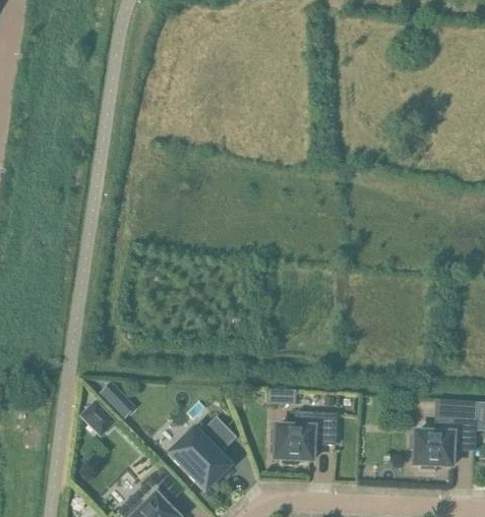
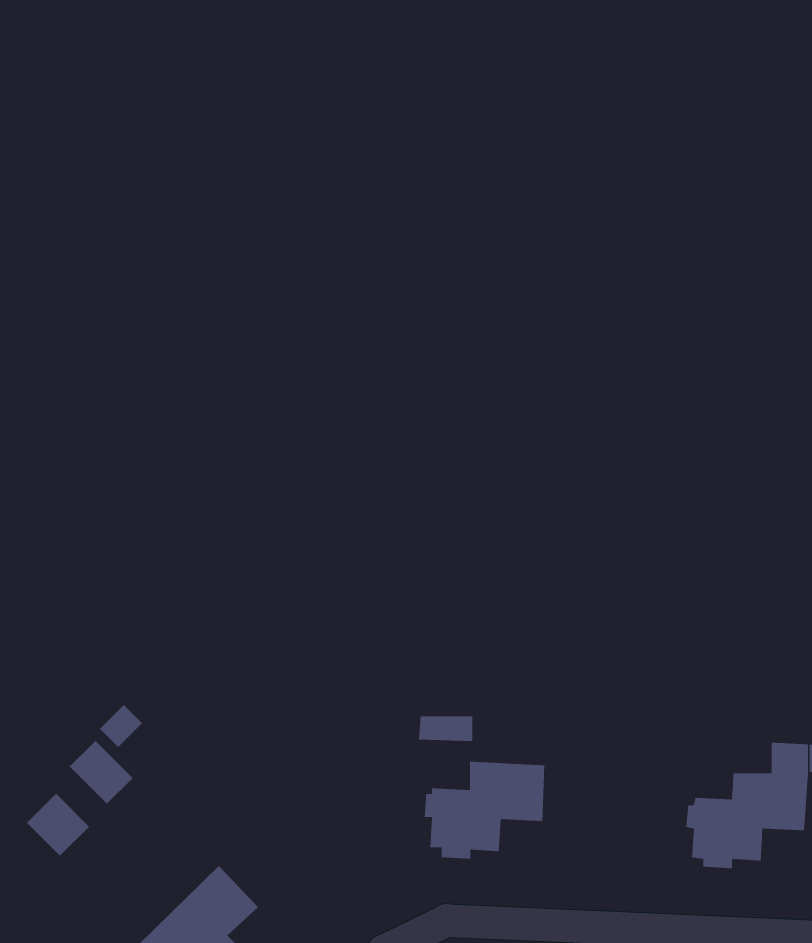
building: [166,417,237,493] -> none
building: none -> [26,793,90,857]

